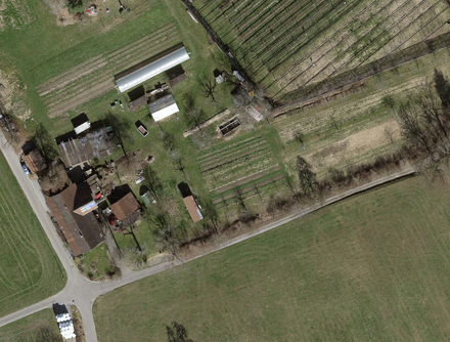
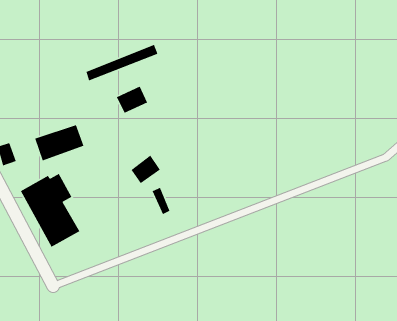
building: [109,193,140,222] -> [130,155,161,184]

